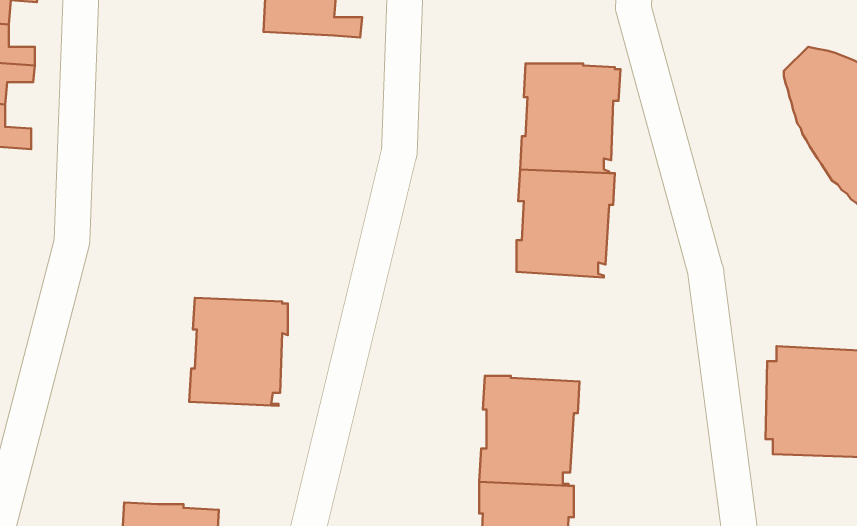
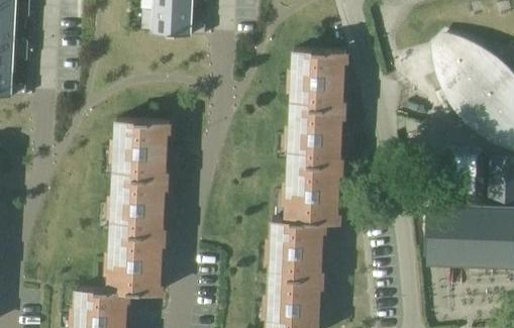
building: none -> [116,120,170,180]
building: none -> [288,163,341,225]
building: none -> [110,234,165,296]

